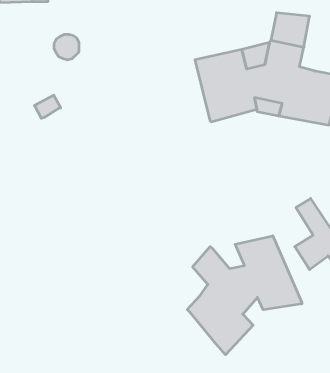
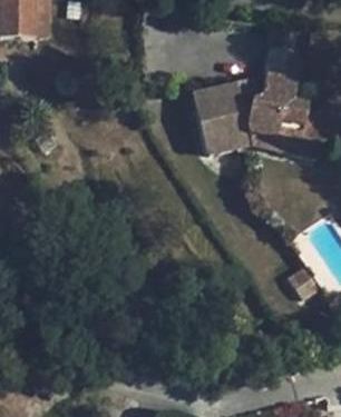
building: [187,236,302,355] -> none

